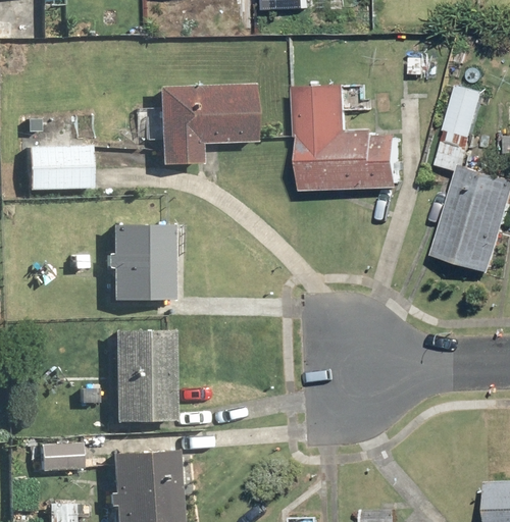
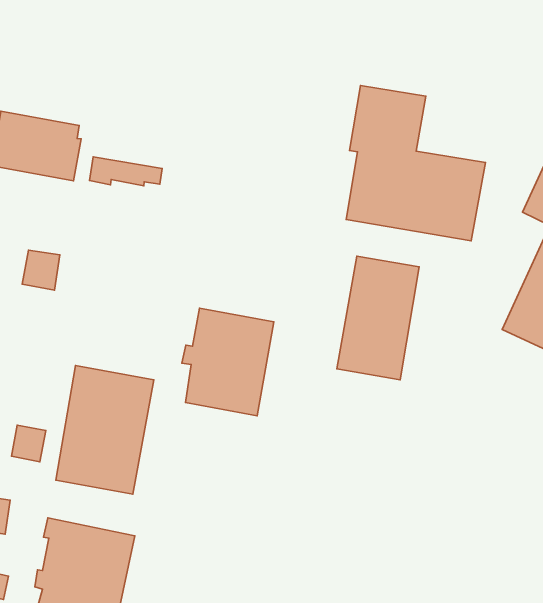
building: [158,84,255,164] -> none
building: none -> [337,256,419,380]
building: [105,224,170,300] -> [182,308,274,416]

